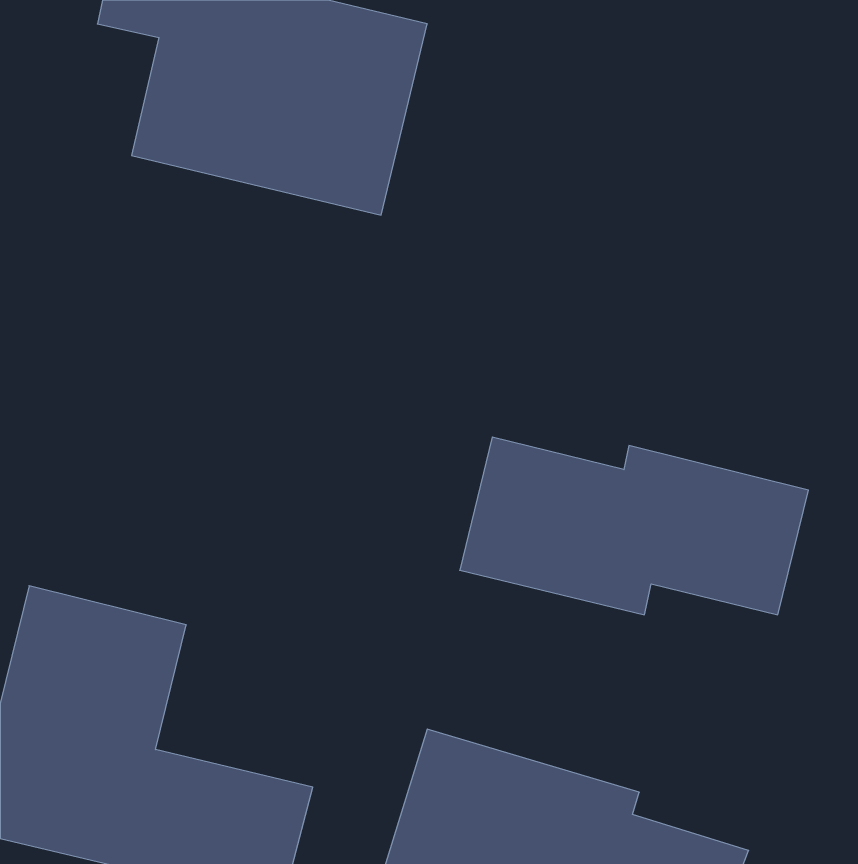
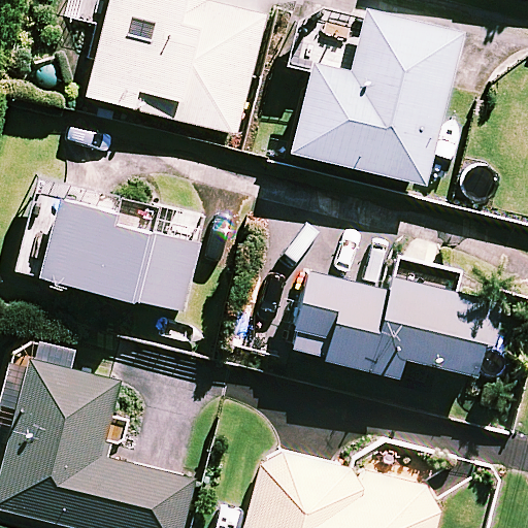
building: none -> [287,10,461,185]
building: none -> [31,189,204,314]

